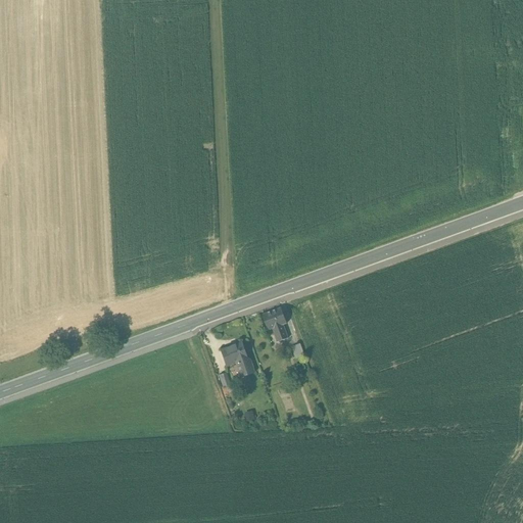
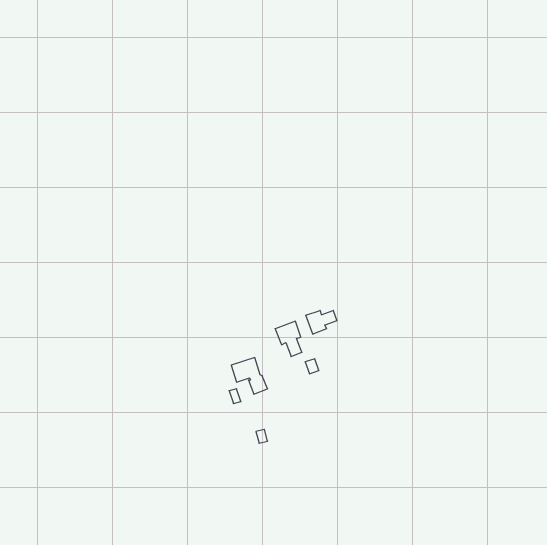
building: none -> [306,310,337,334]

